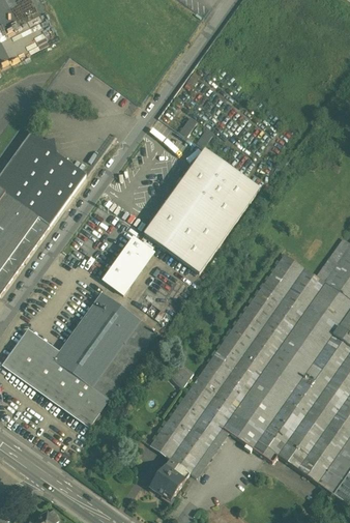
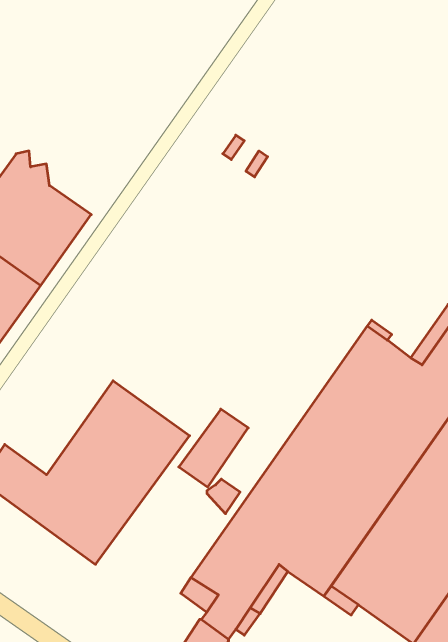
building: [143,149,259,272] -> none
building: [103,238,152,294] -> [179,409,248,487]

